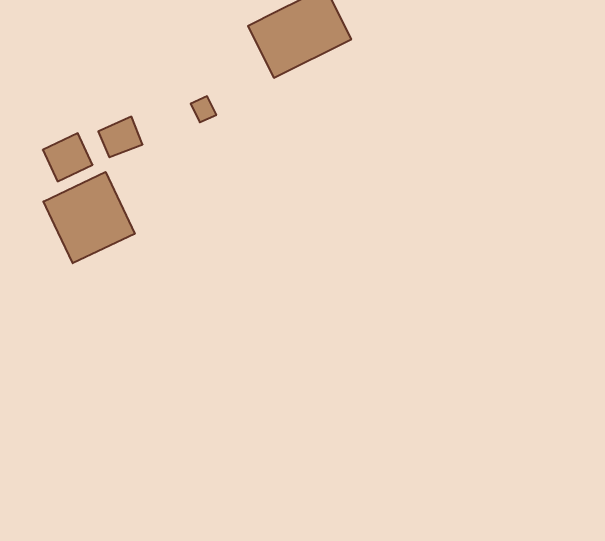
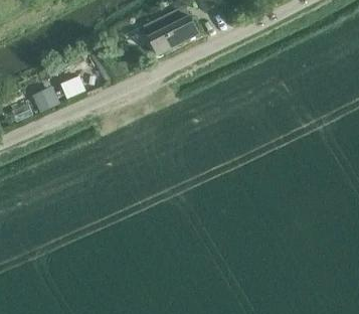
building: [43,172,135,263] -> none

